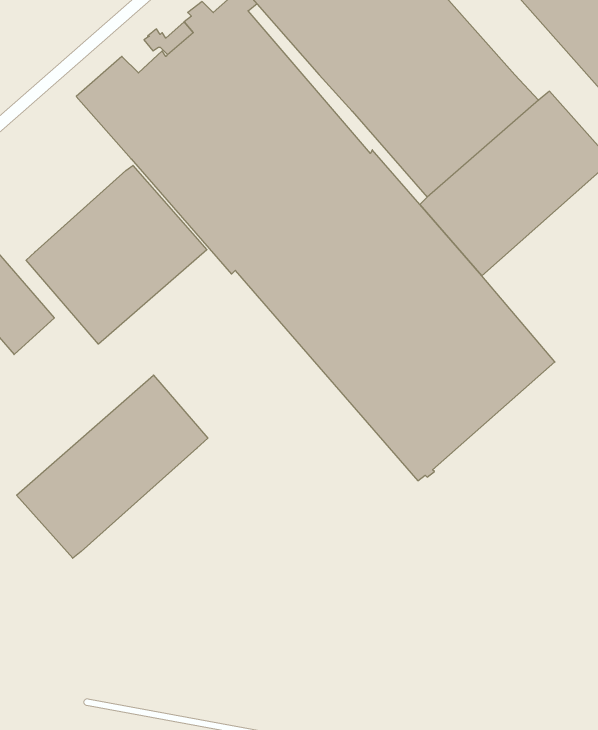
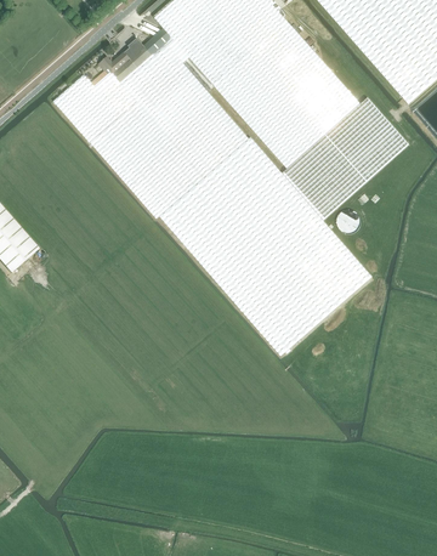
building: [26,165,207,344] -> none
building: [17,375,208,558] -> none

